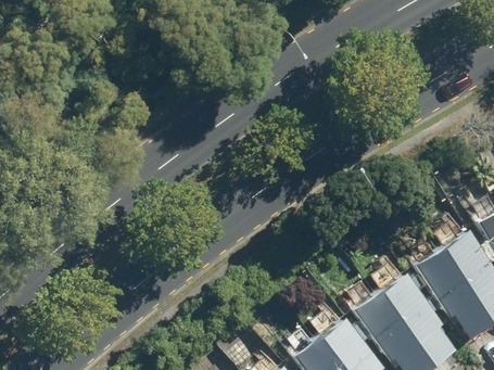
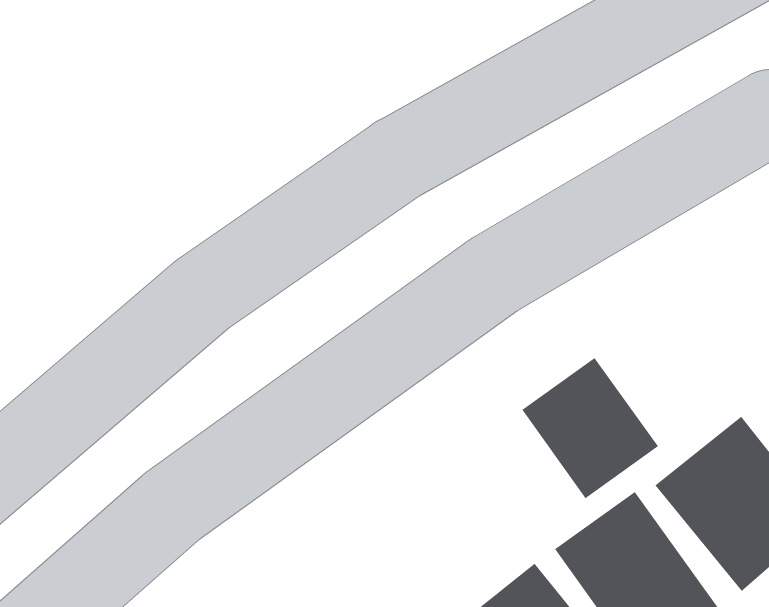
building: none -> [522,357,659,499]

